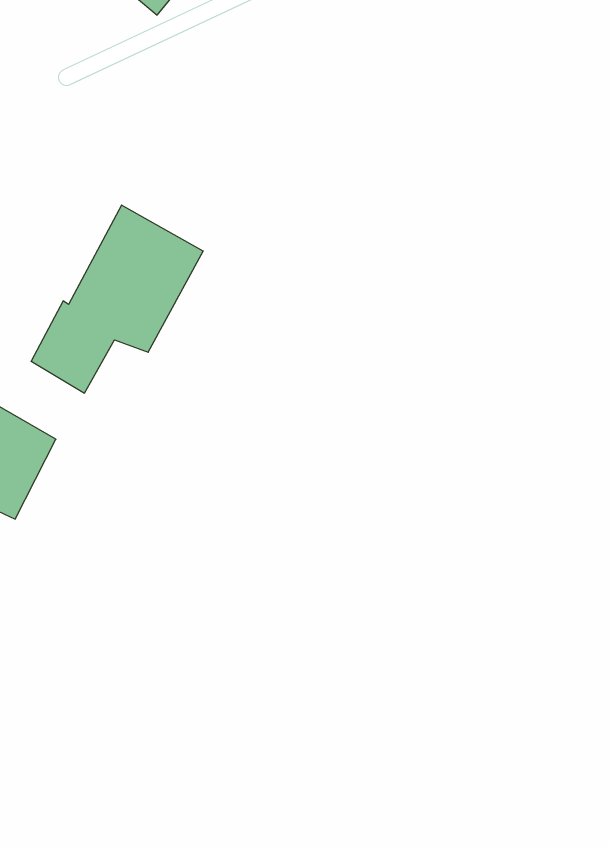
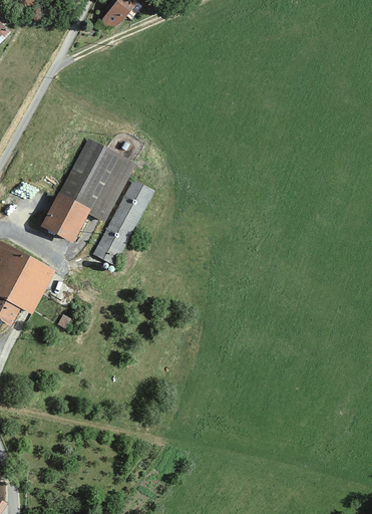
building: none -> [93,179,154,267]

